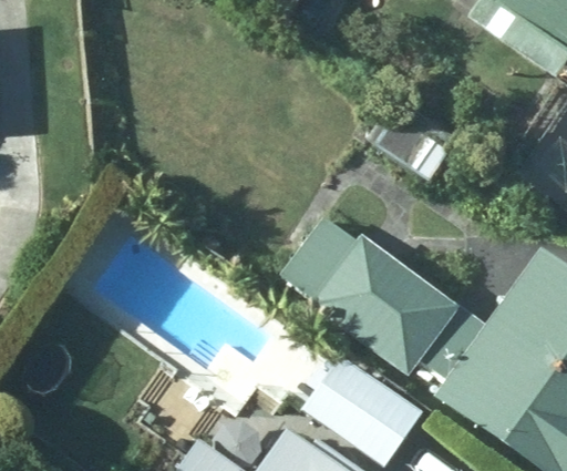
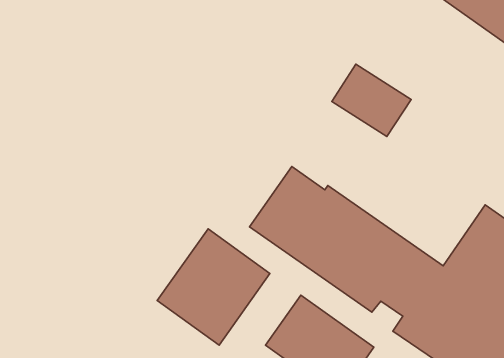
building: none -> [157,229,270,345]

